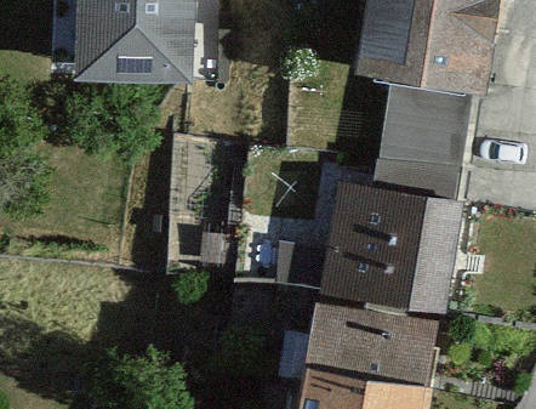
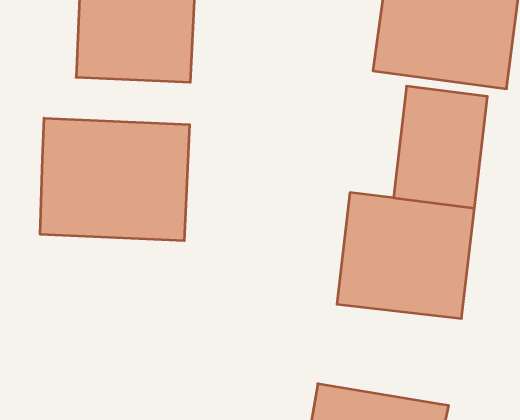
building: none -> [40,118,190,241]
building: [307,306,432,386] -> none

